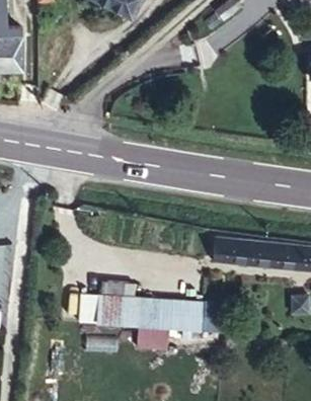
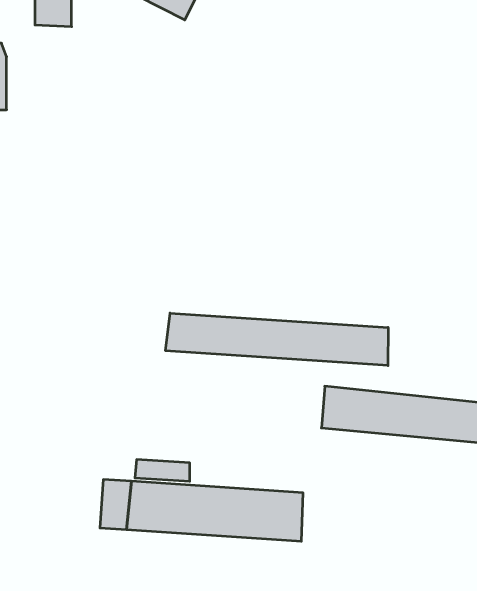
building: none -> [166,313,388,366]

